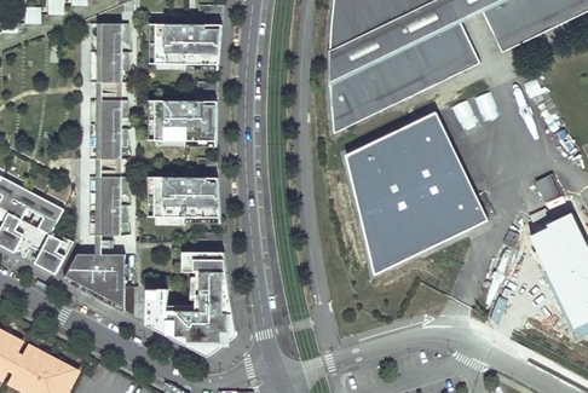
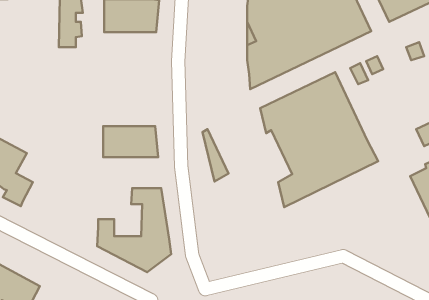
building: [100,99,128,157] -> none
building: [154,100,217,140] -> none
building: [99,175,128,235] -> none
building: [351,181,382,244] -> [202,129,228,181]
building: [63,253,133,312] -> none

